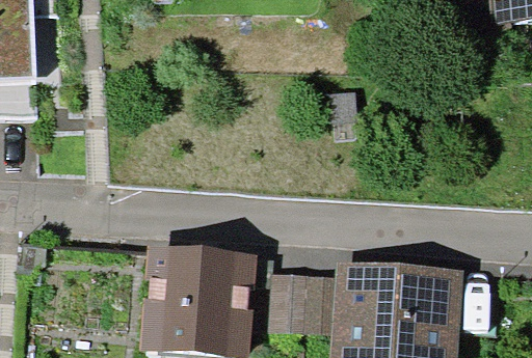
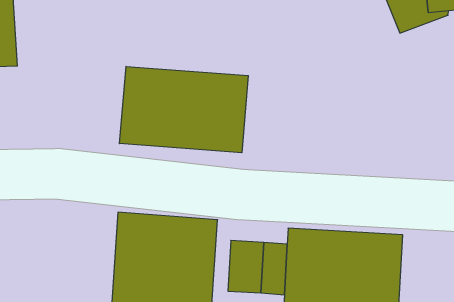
building: none -> [119,66,248,153]

